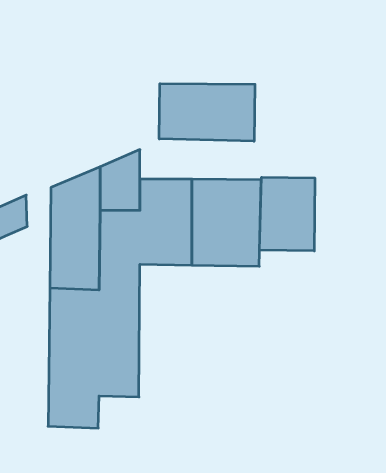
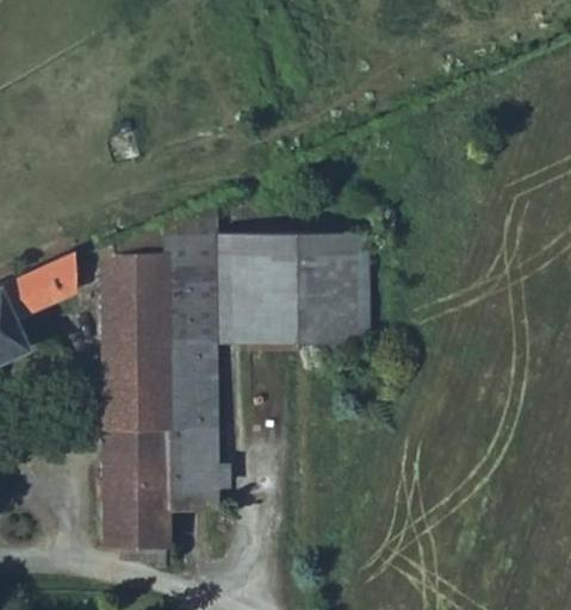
building: [159,84,255,141] -> none
building: [260,177,315,251] -> none

